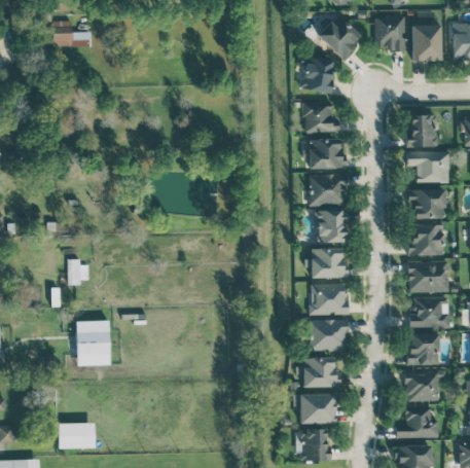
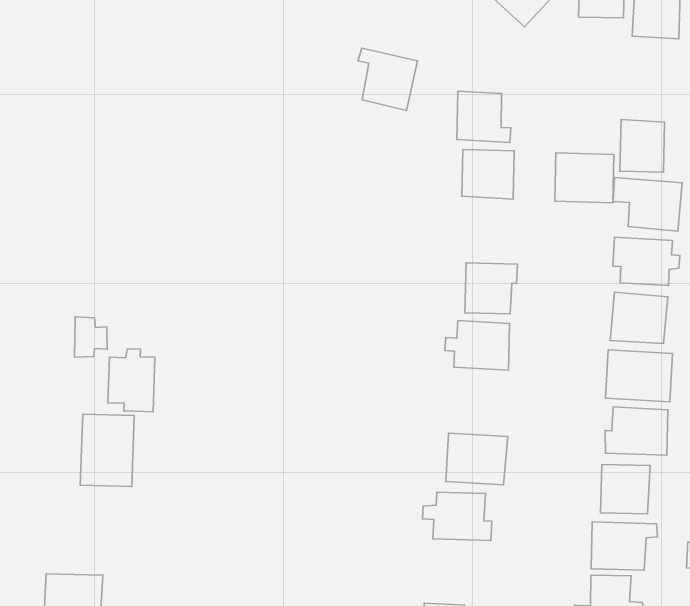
building: [297,56,335,94] -> [358,48,418,110]
building: [310,174,348,206] -> [555,153,614,203]
building: none -> [108,349,155,412]
building: [311,284,349,315] -> none
building: [293,394,336,424] -> none

